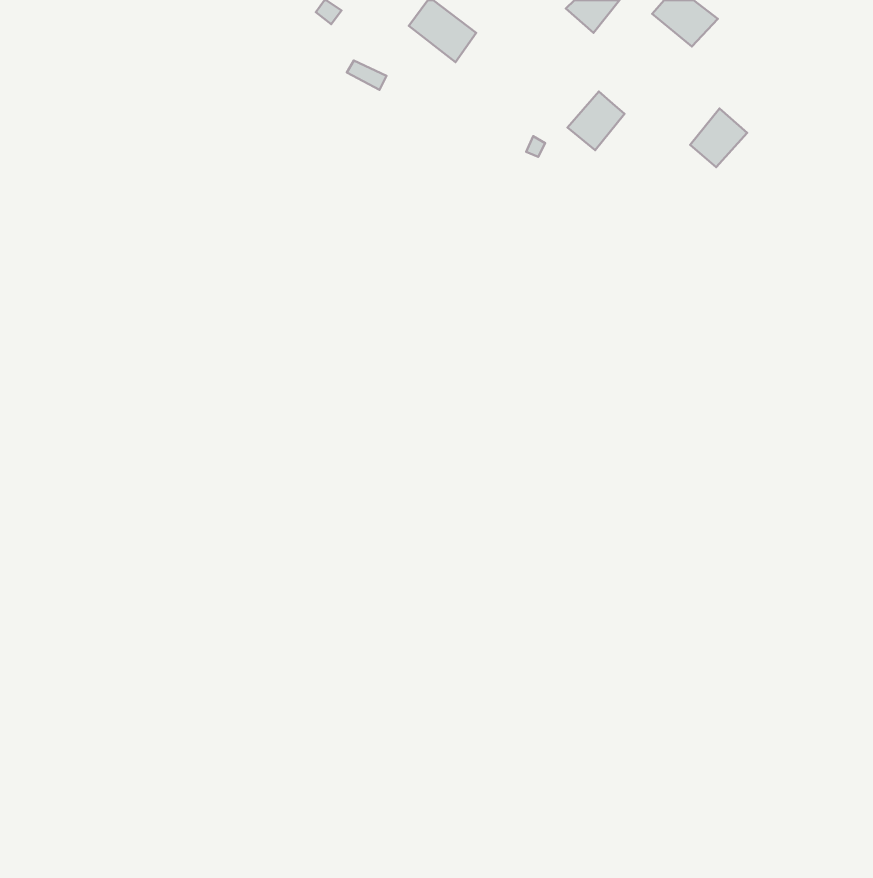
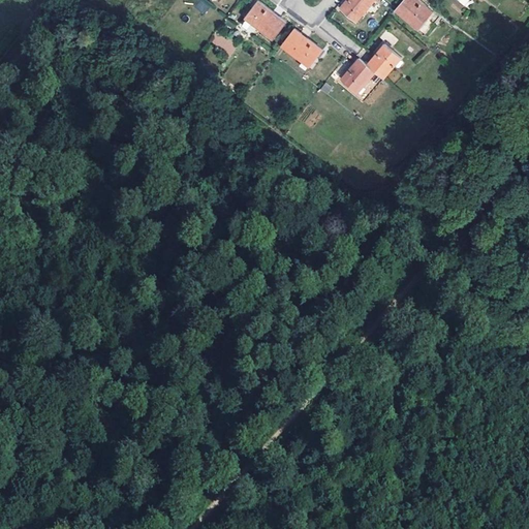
building: none -> [281,28,322,67]
building: [690,109,747,167] -> [367,42,401,77]

